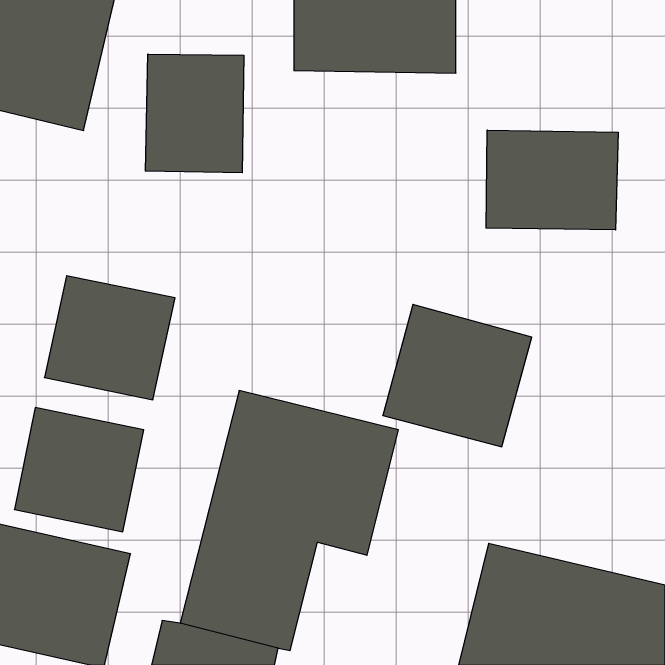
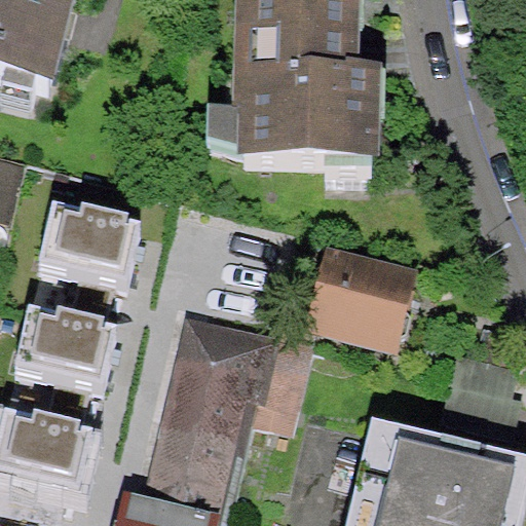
building: [145,54,244,173] -> none
building: none -> [202,55,379,152]
building: [486,130,618,230] -> none

